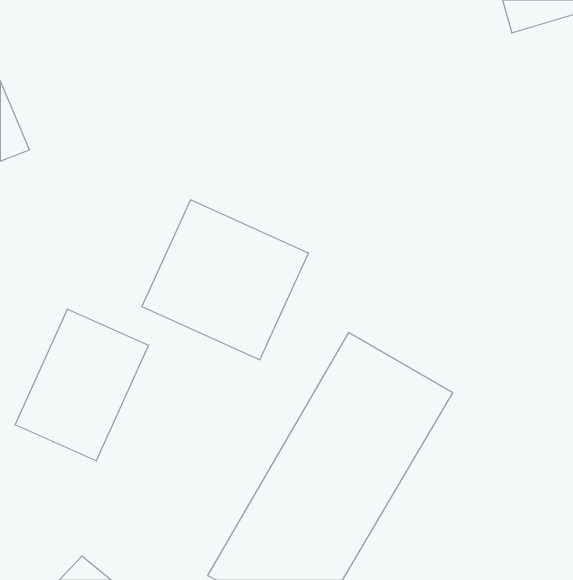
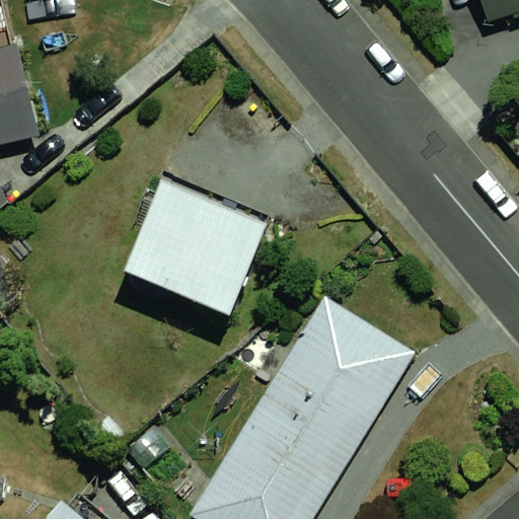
building: [15,309,149,461] -> none

